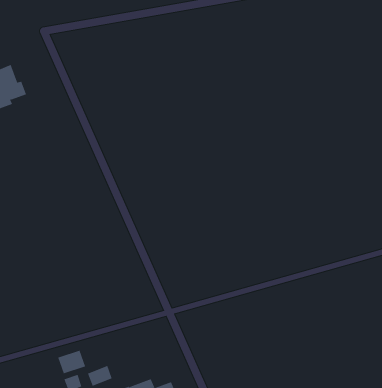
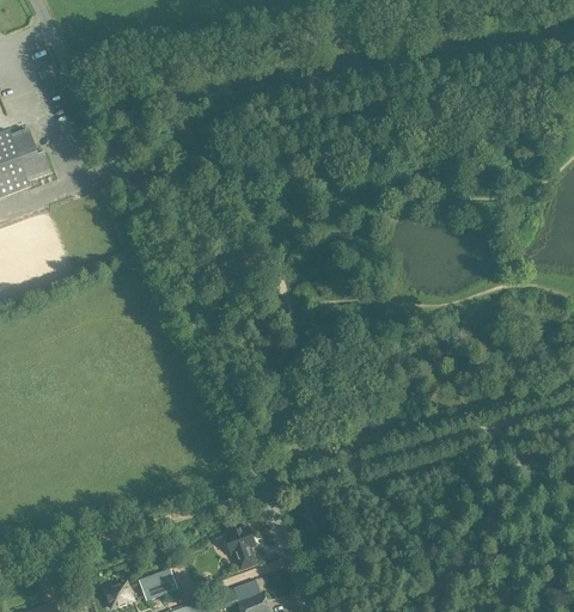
building: none -> [222,525,255,569]
building: [57,350,86,374] -> none

